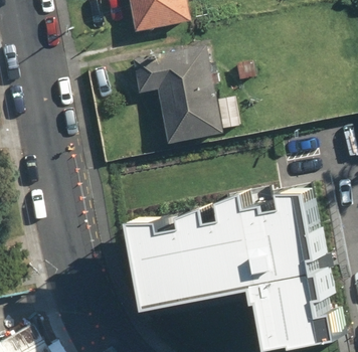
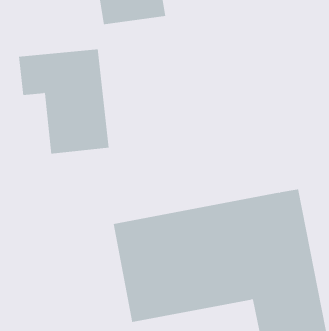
building: [135,47,219,145] -> [18,49,109,154]

